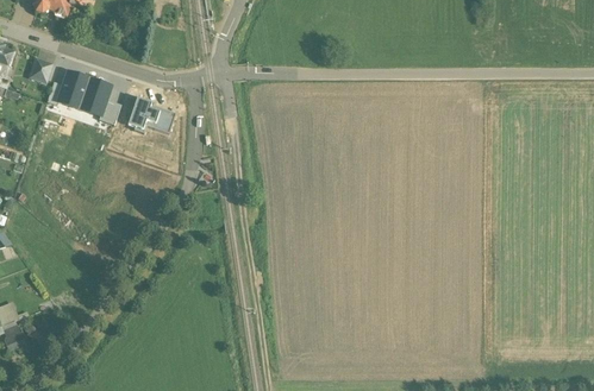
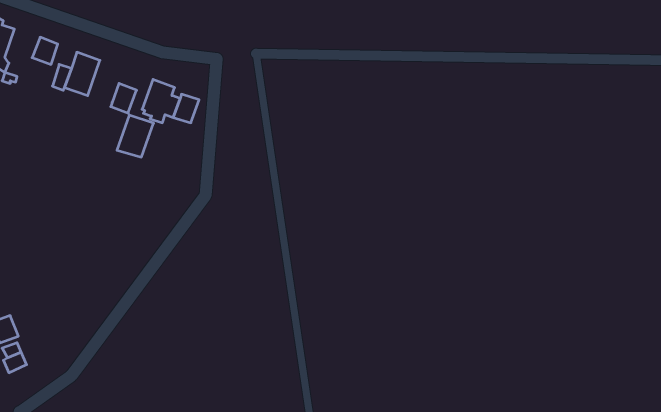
building: [79,78,111,115] -> [117,115,154,157]

